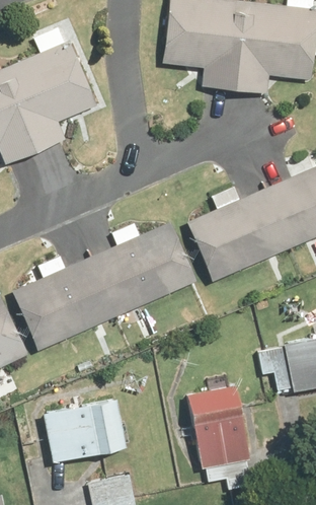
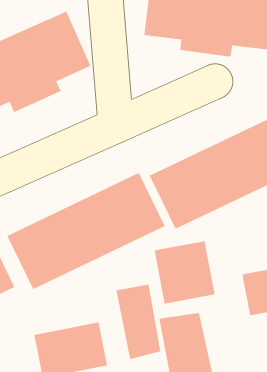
building: none -> [154,241,215,304]
building: none -> [116,284,161,360]

